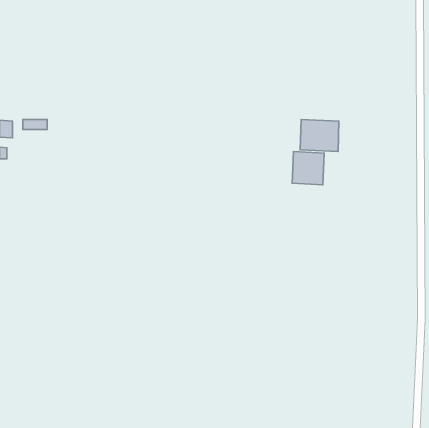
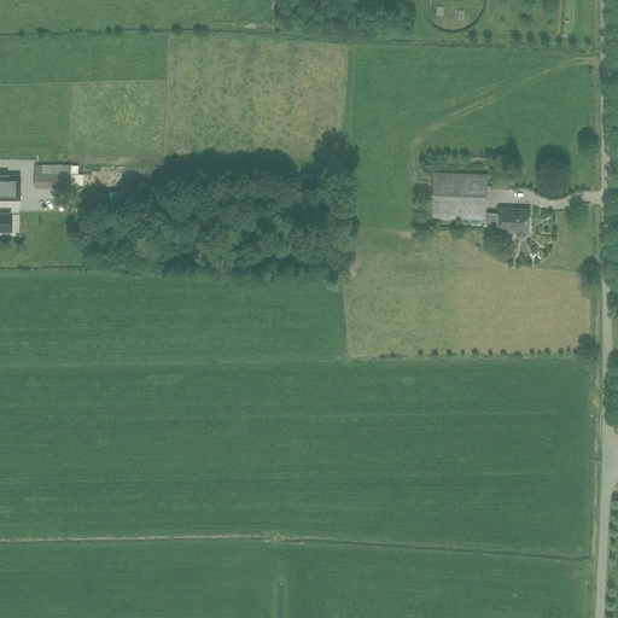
building: none -> [497,208,529,237]
building: [292,151,324,185] -> none

